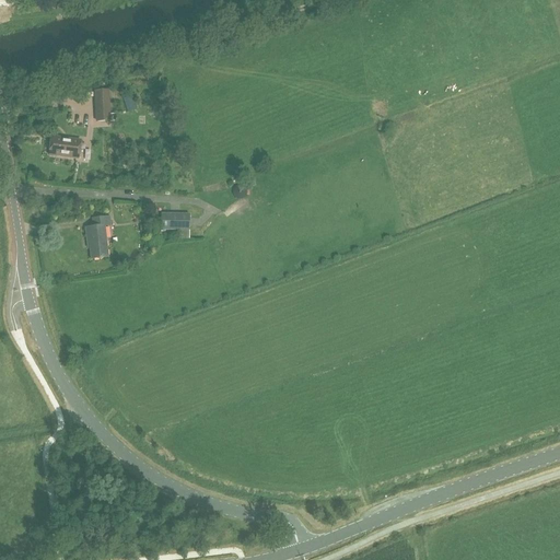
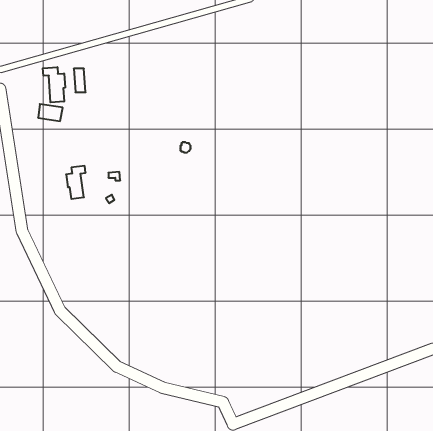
building: none -> [43,67,65,102]
building: [160,211,189,229] -> none

